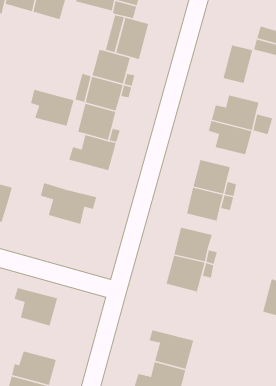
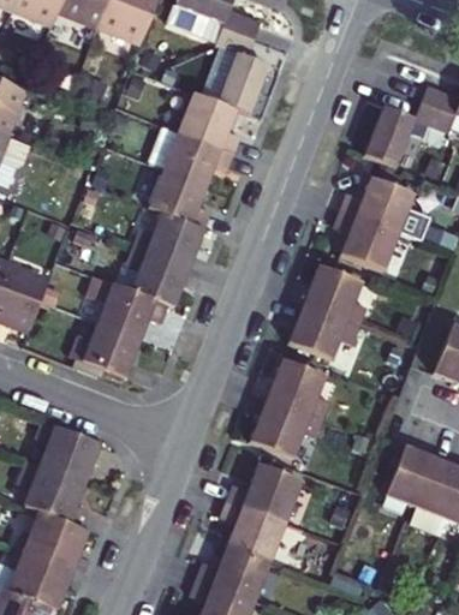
building: [30,89,75,127] -> [125,249,189,308]
building: none -> [71,324,141,380]
building: none -> [226,464,302,524]
building: none -> [17,461,87,527]

